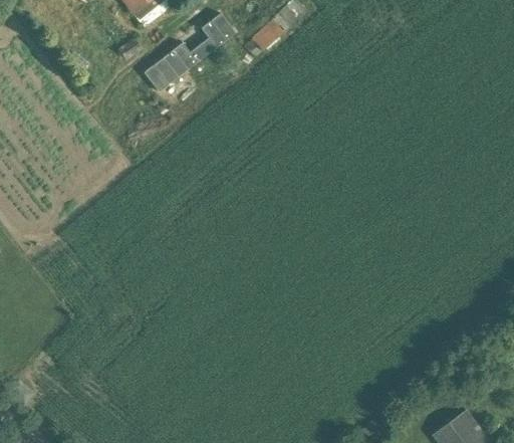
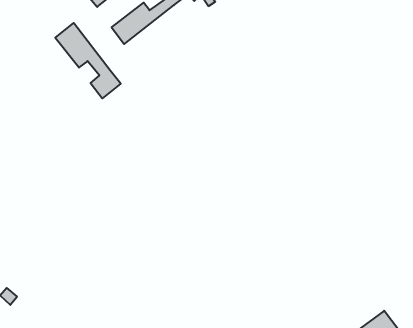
building: none -> [55,23,121,98]

